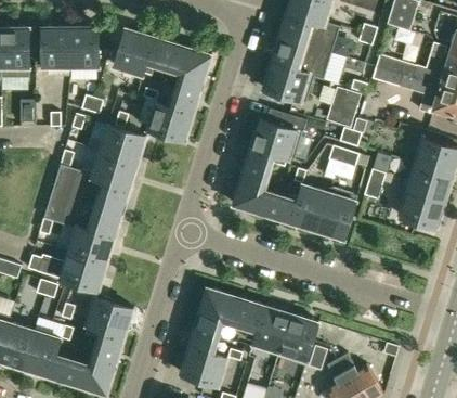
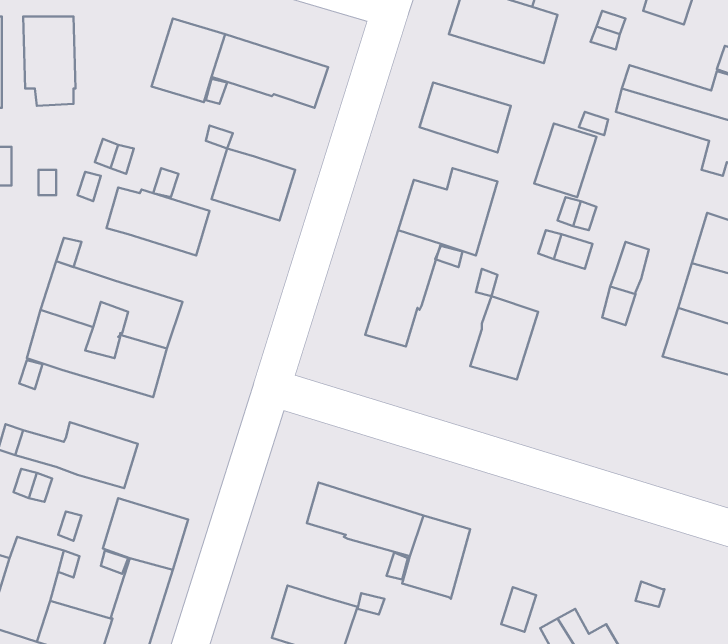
building: [69,26,99,80] -> none
building: [270,37,345,85] -> none
building: [170,70,204,113] -> none
building: [80,145,138,187] -> none
building: [316,187,357,239] -> none
building: [254,189,297,222] -> none
building: [55,224,114,266] -> none
building: [188,310,222,352] -> none
building: [276,313,317,365] -> none

